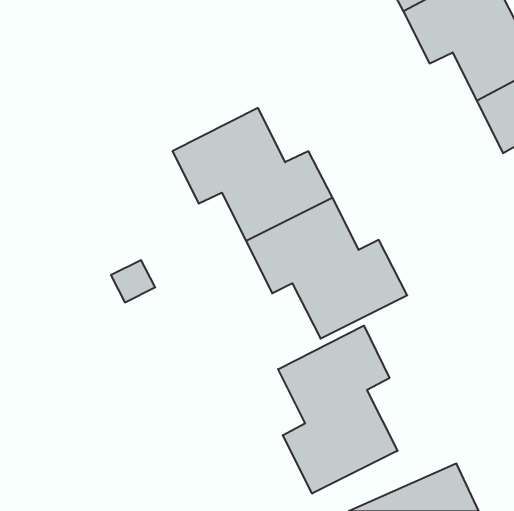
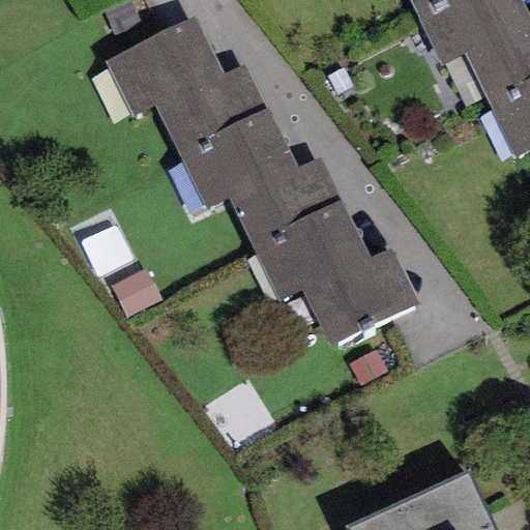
building: none -> [101,18,266,155]
building: [278,326,398,494] -> none

